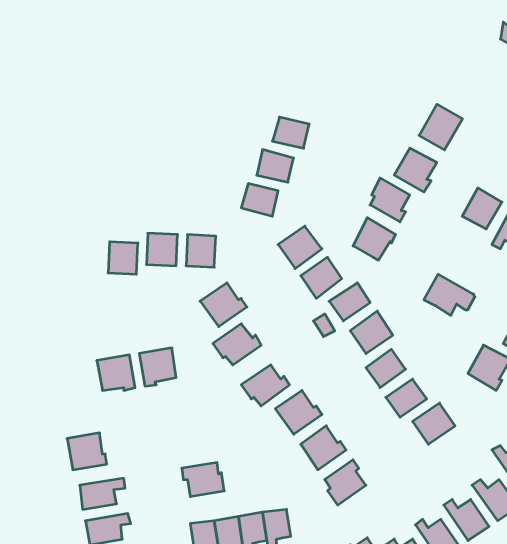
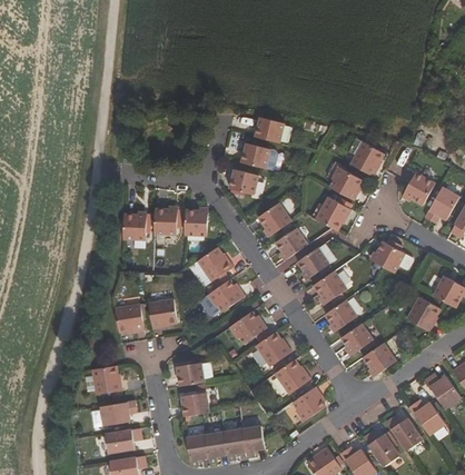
building: [419,104,462,150] -> none
building: none -> [177,359,210,385]

